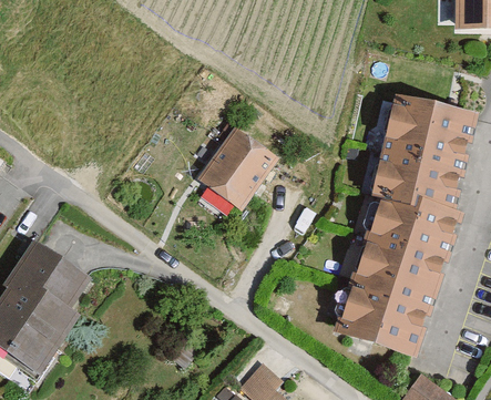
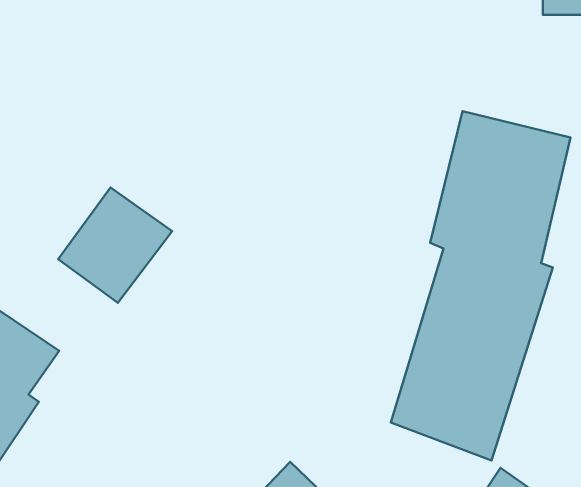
building: [194,129,280,216] -> [58,187,172,303]

